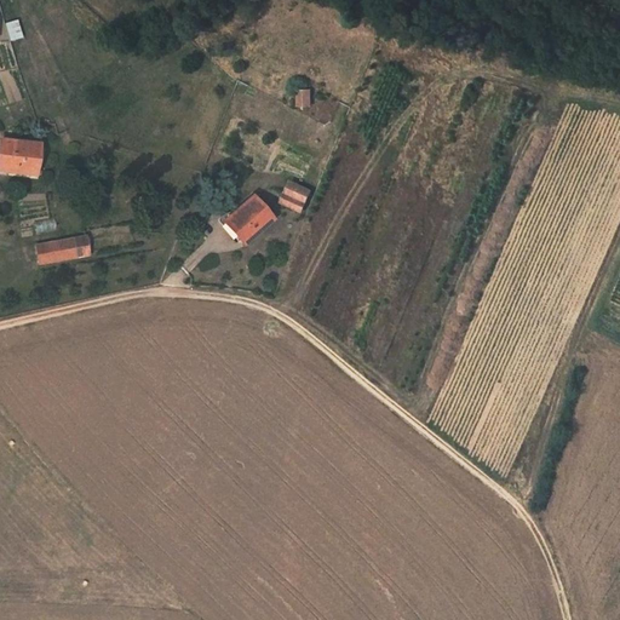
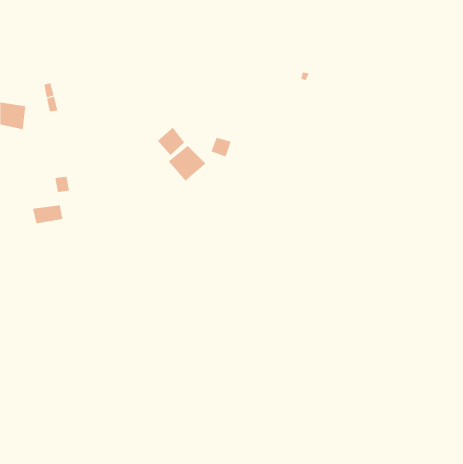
building: none -> [157,127,185,156]
building: [35,237,76,263] -> [32,205,63,224]

